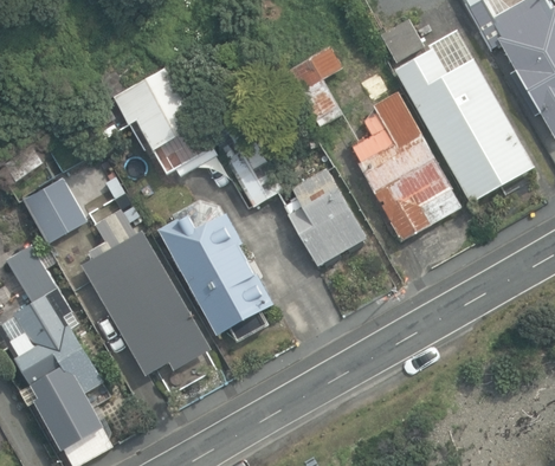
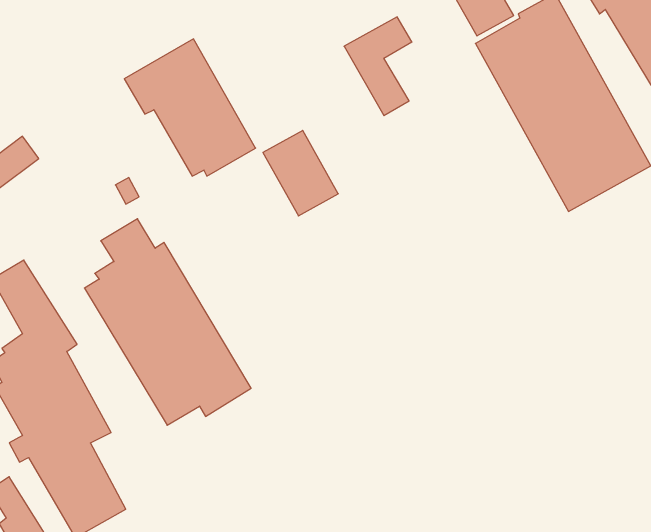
building: [350,90,462,240] -> none
building: [283,166,366,265] -> none
building: [22,176,86,241] -> none
building: [159,207,275,339] -> none

